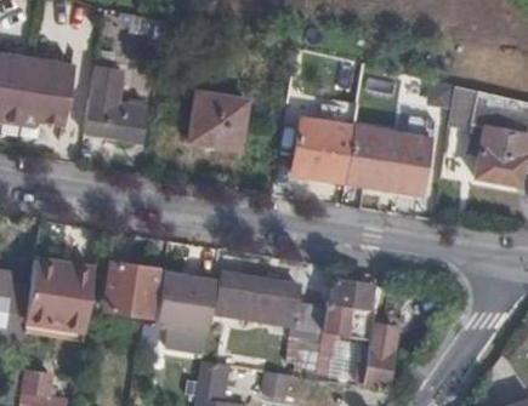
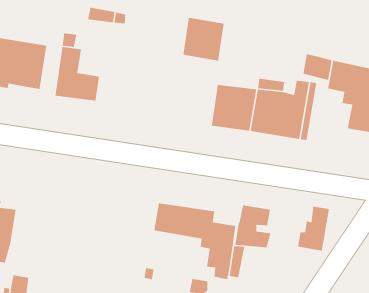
building: [189,91,245,150] -> [183,17,224,61]
building: [25,259,96,341] -> none
building: [103,262,157,315] -> none
building: [159,271,218,333] -> none
building: [353,322,397,383] -> [297,206,330,251]

